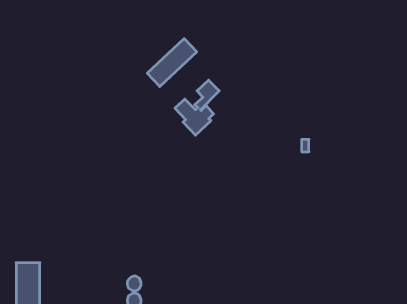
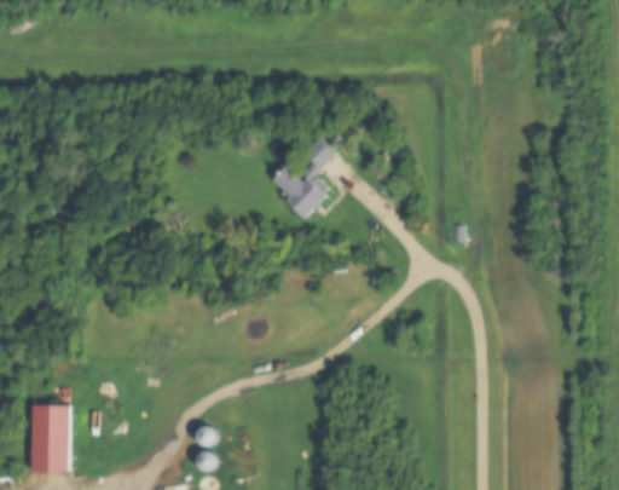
building: [147,39,197,87] -> none

